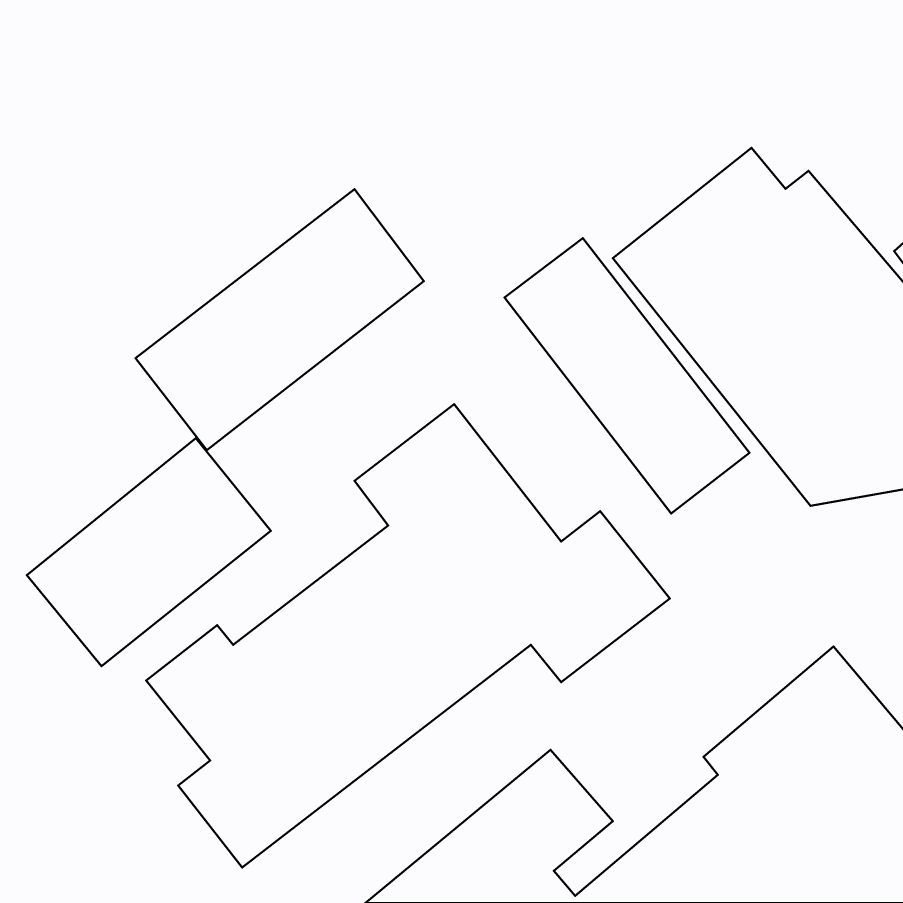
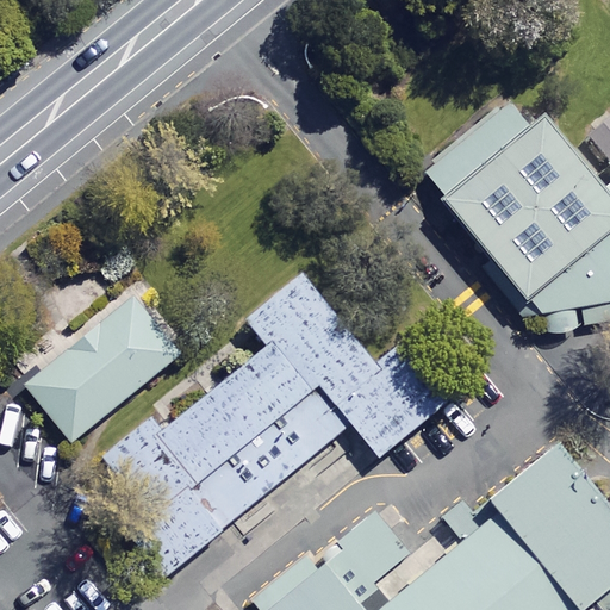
building: [135,189,424,450] -> none
building: [504,238,750,514] -> none

